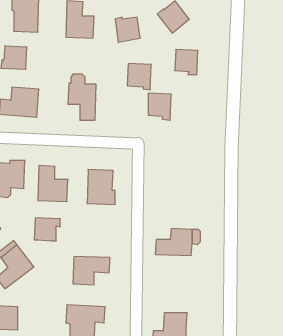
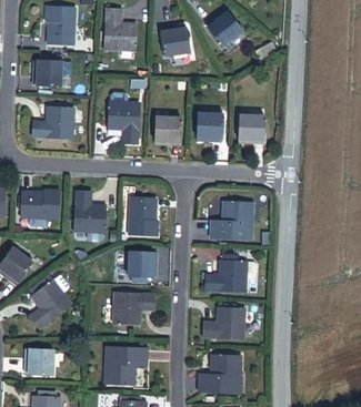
building: [175,50,198,75] -> [239,115,264,143]
building: [127,64,151,90] -> [154,118,181,146]
building: none -> [208,201,252,241]
building: [34,218,60,241] -> [128,253,157,278]
building: none -> [202,309,243,339]

